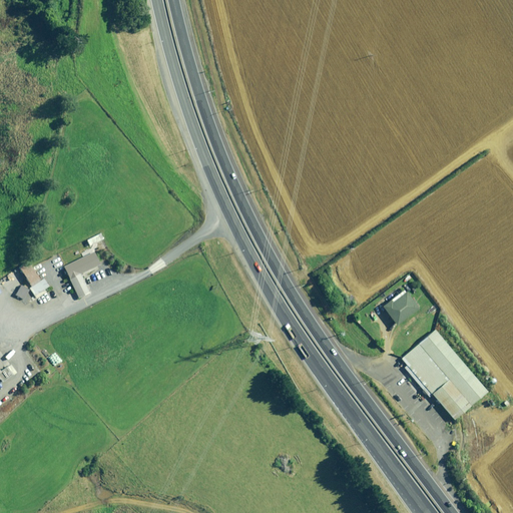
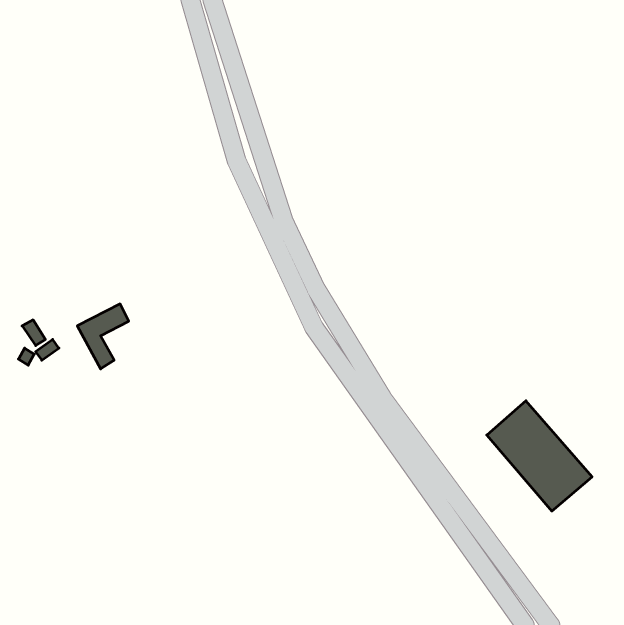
building: [382,291,420,325] -> none

